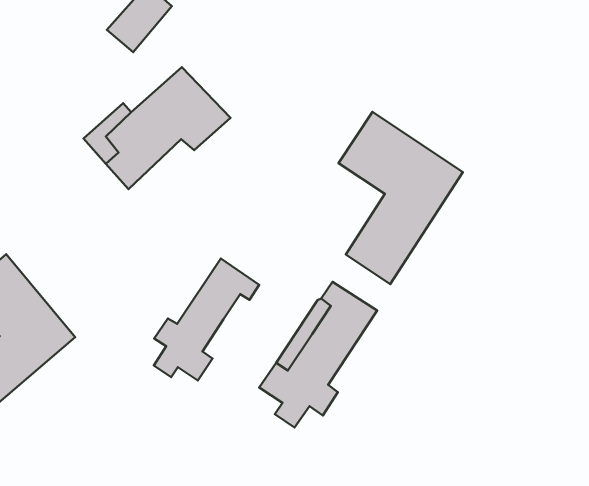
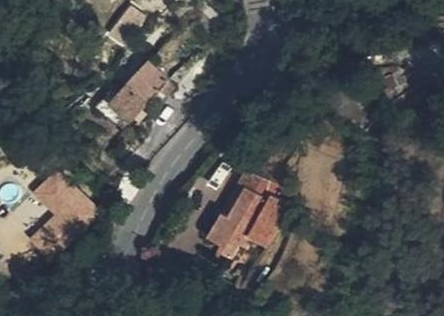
building: [338,112,463,284] -> none
building: [154,258,259,381] -> none

